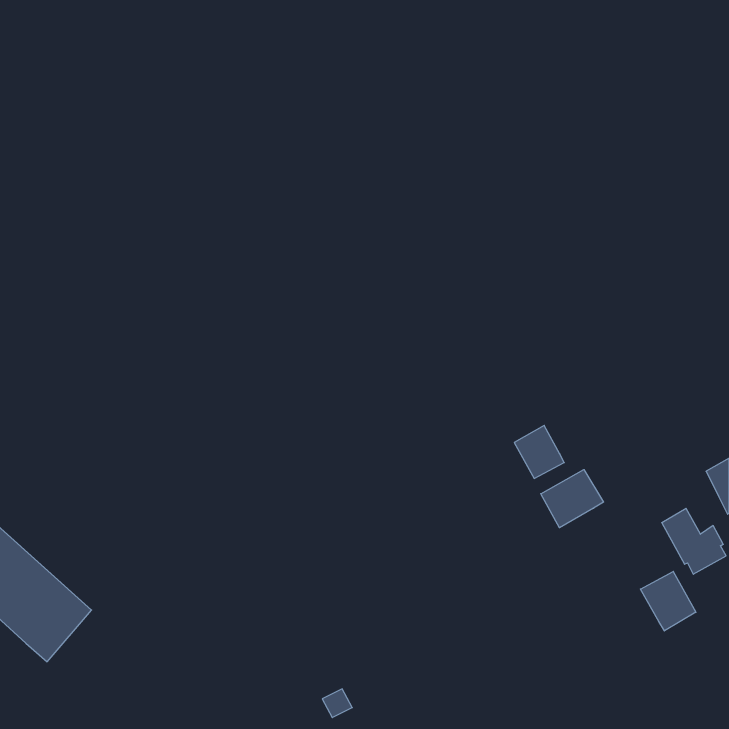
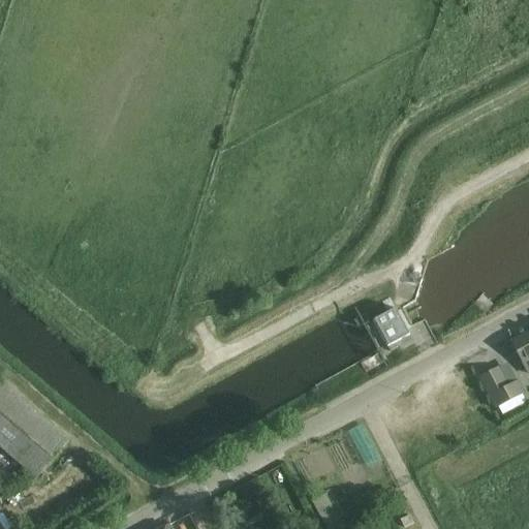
building: [541,470,604,528] -> none
building: [640,571,696,631] -> none

